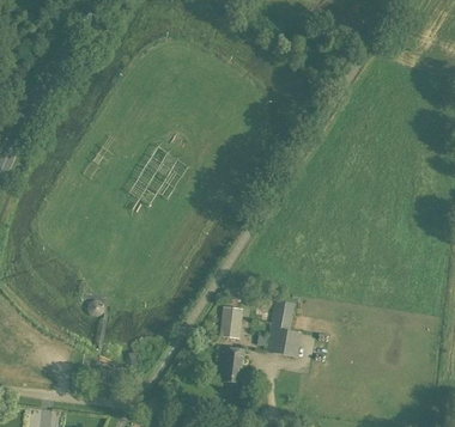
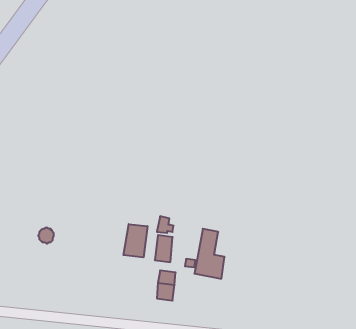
building: none -> [123,224,147,257]

